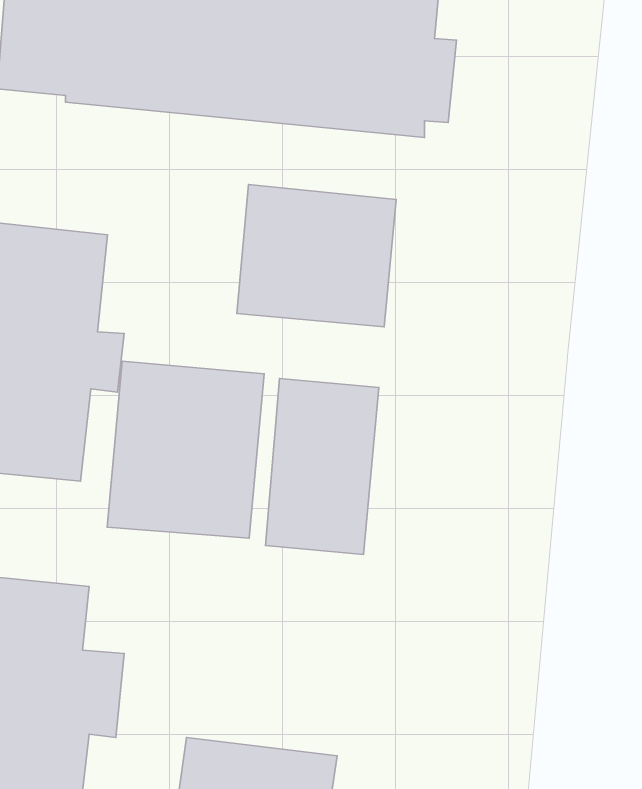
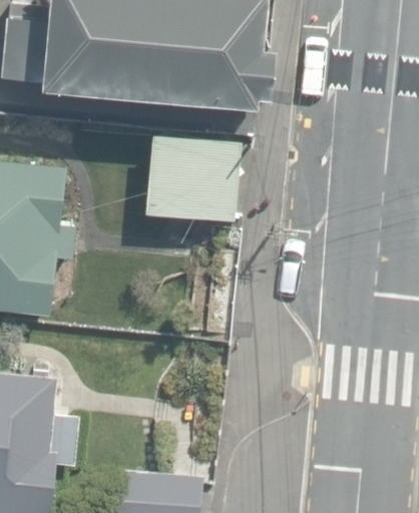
building: [107,361,264,538] -> none
building: [266,378,379,554] -> none

